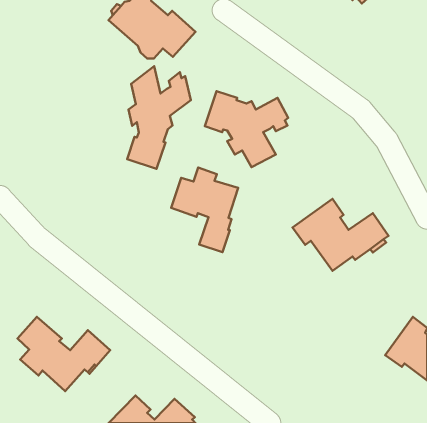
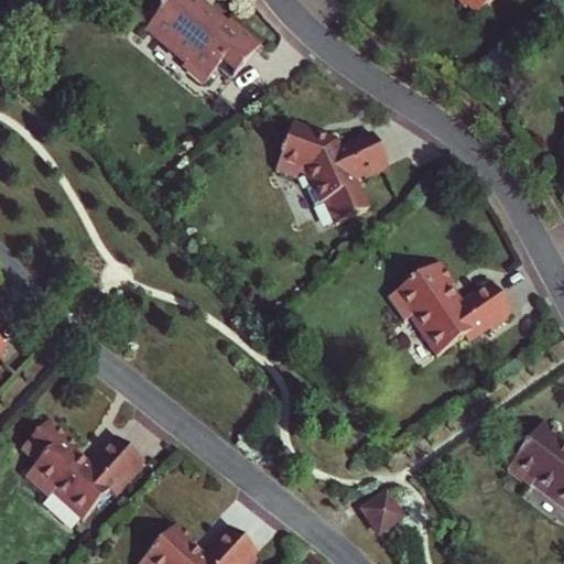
building: [127,66,191,169] -> none
building: [171,168,238,252] -> none
building: none -> [357,487,405,535]

